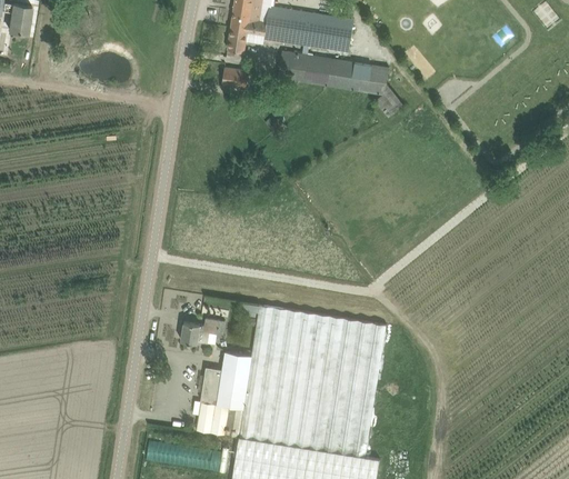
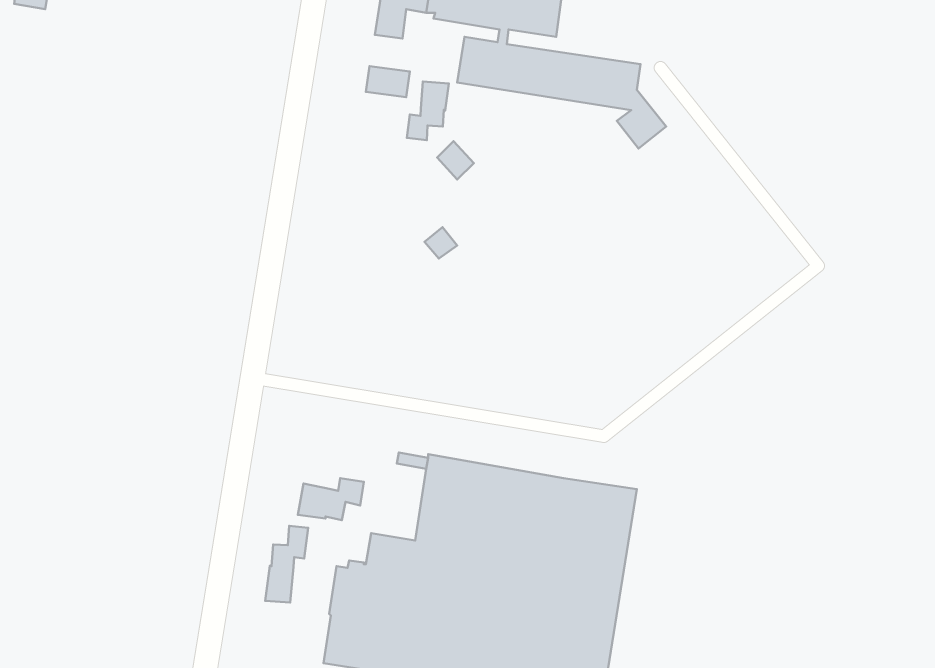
building: none -> [407,81,449,140]
building: none -> [265,526,308,603]

